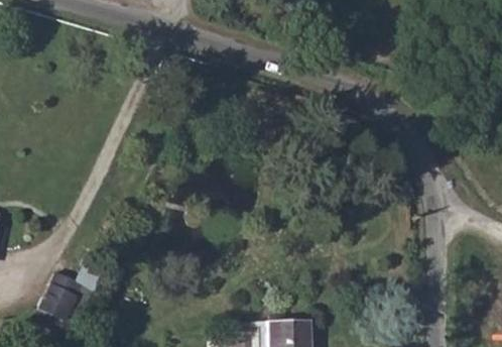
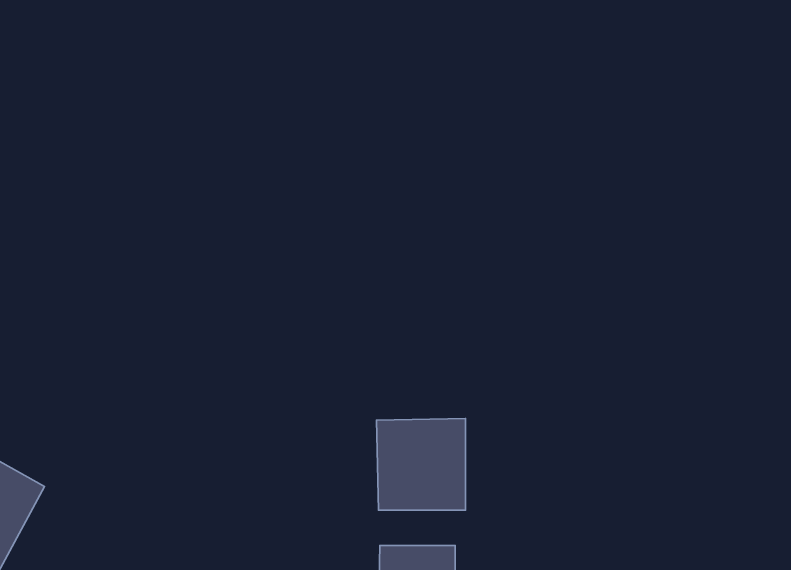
building: none -> [376,419,466,510]

